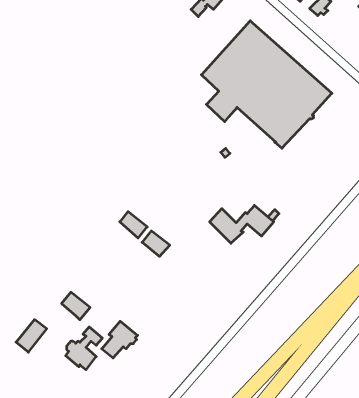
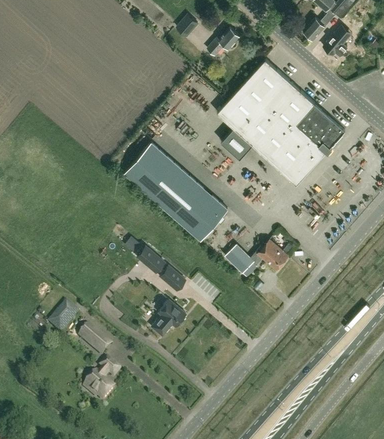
building: none -> [125,144,228,241]
building: [16,320,47,352] -> [48,302,78,334]
building: [102,321,138,358] -> [151,300,186,336]

